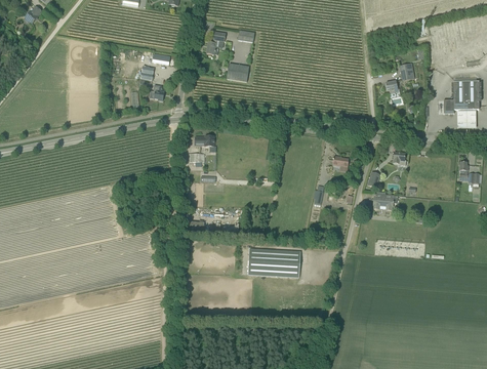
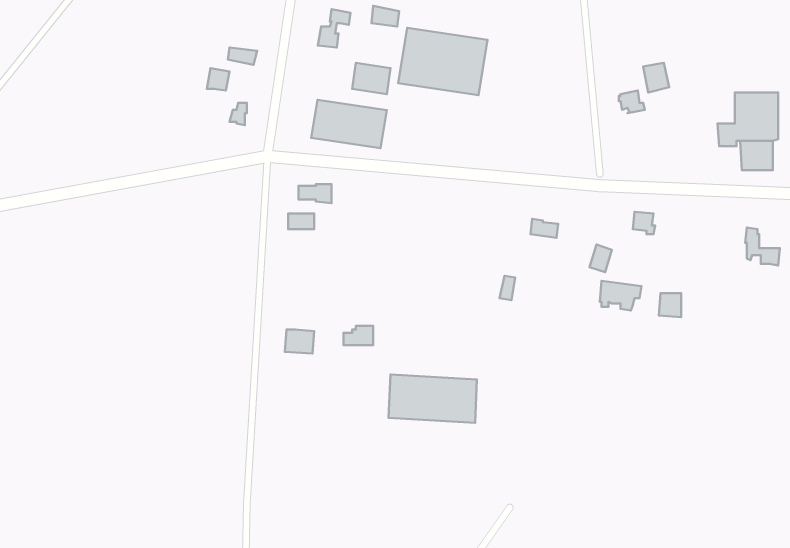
building: none -> [398,28,488,95]
building: none -> [311,100,387,148]

